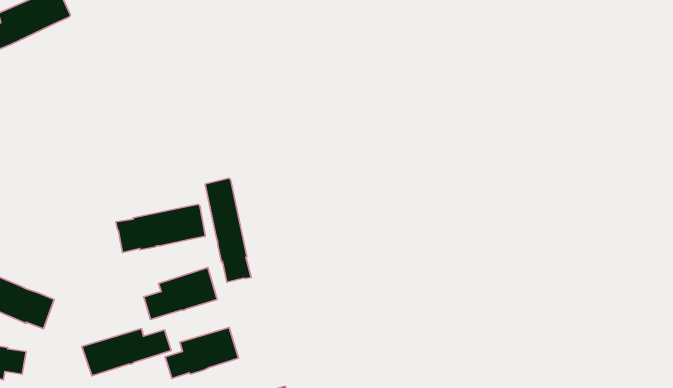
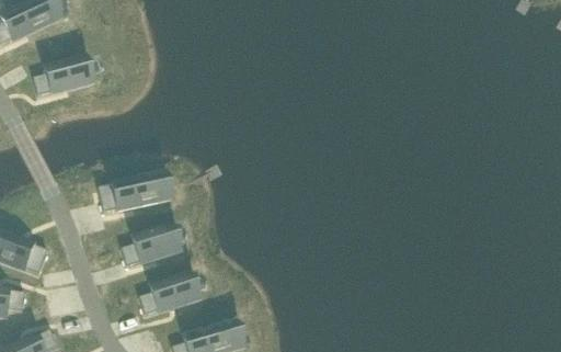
building: none -> [35,55,95,95]
building: [205,178,251,282] -> none
building: [82,329,171,376] -> none

